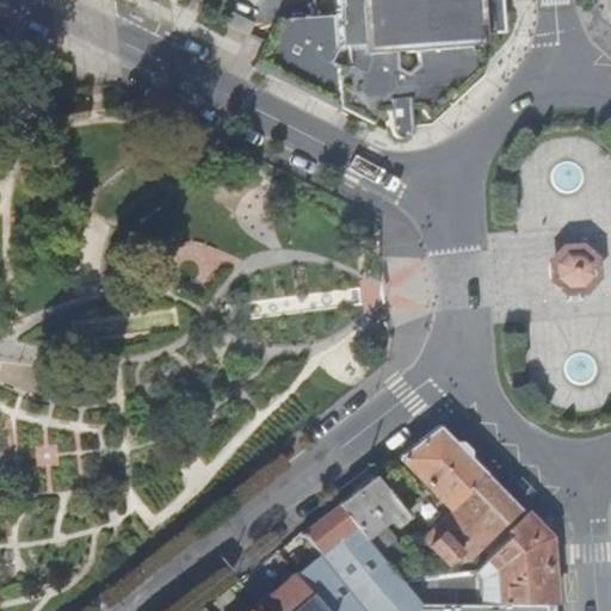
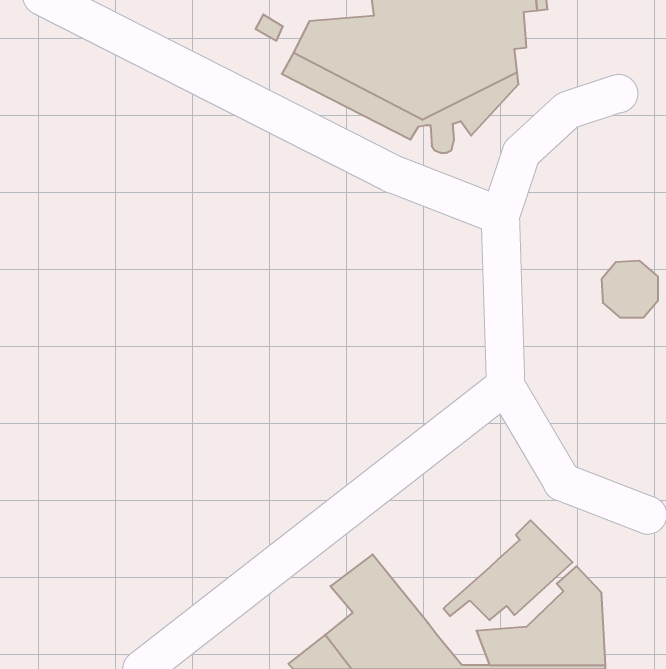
building: [403,426,487,507] -> none
building: [344,475,412,564] -> none

